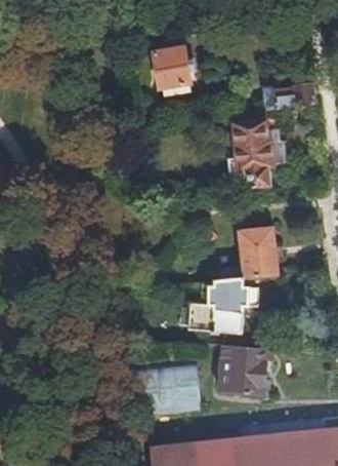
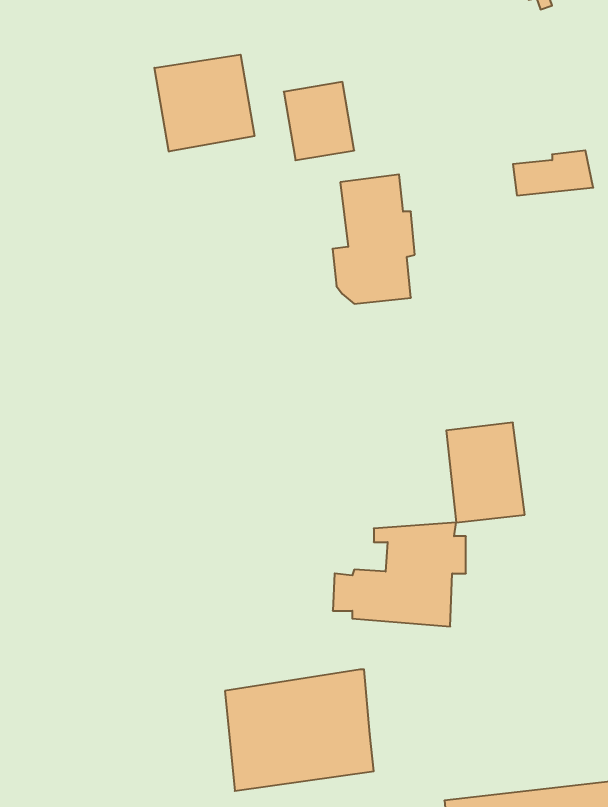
building: none -> [154,55,254,152]
building: [230,122,273,190] -> [332,174,415,304]
building: [218,348,265,396] -> none

